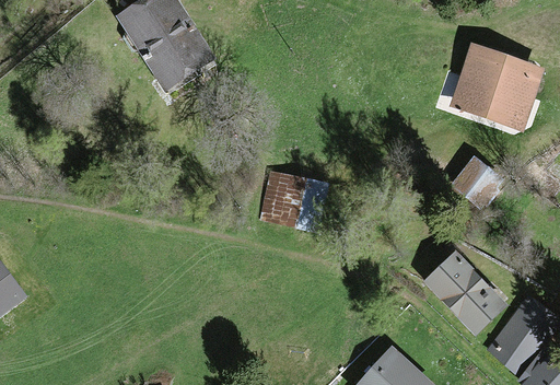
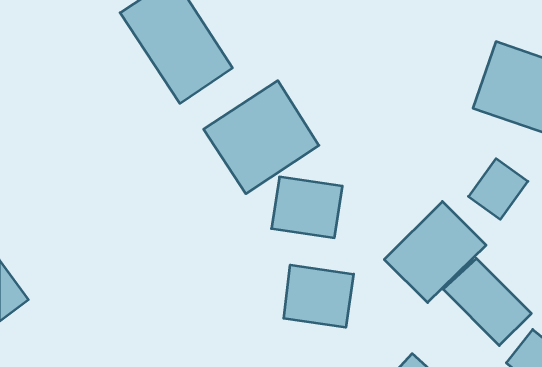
building: none -> [204,81,319,194]
building: none -> [384,201,486,303]
building: none -> [284,265,354,327]

